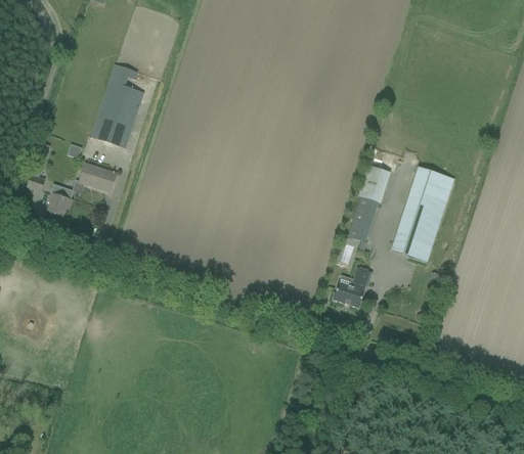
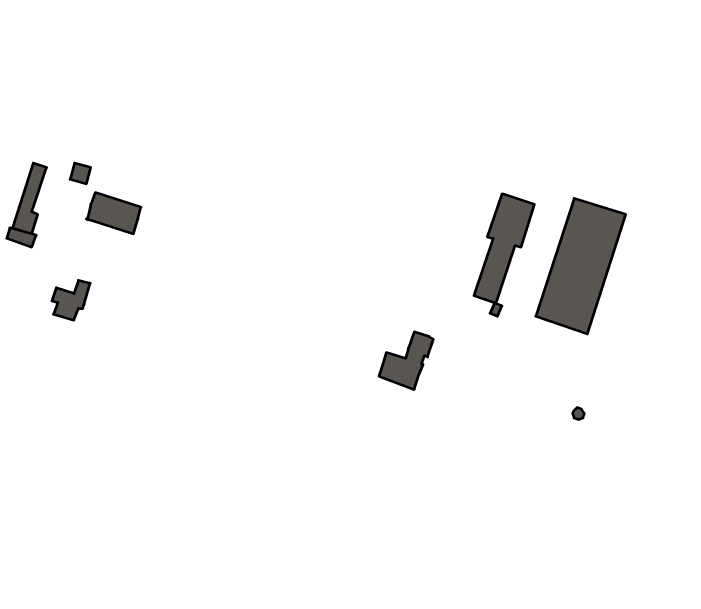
building: [91,63,144,147] -> none
building: [47,187,74,215] -> [52,280,90,320]
building: [334,267,372,307] -> [379,332,433,389]

